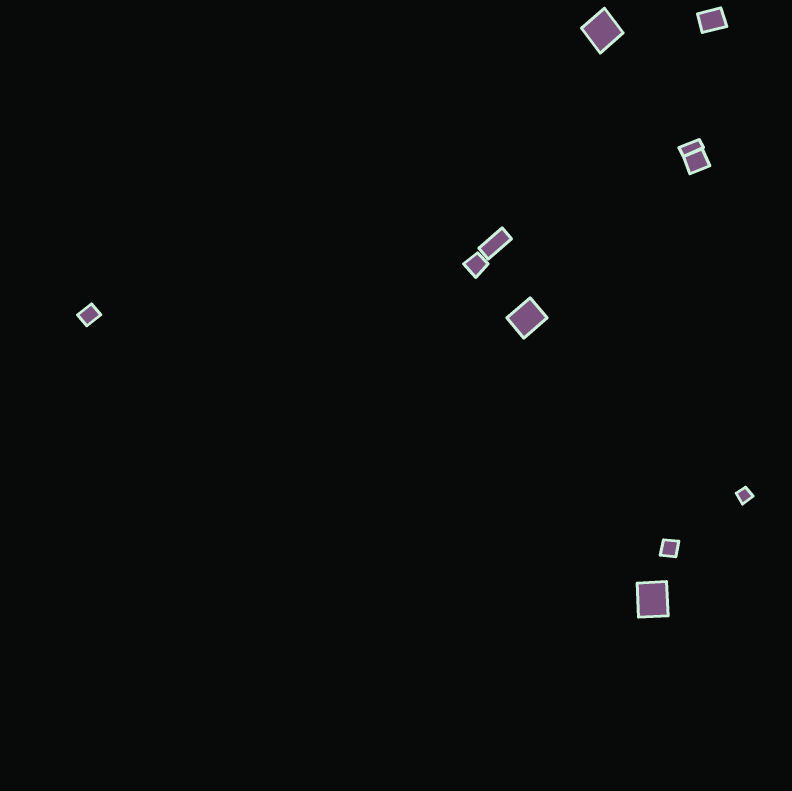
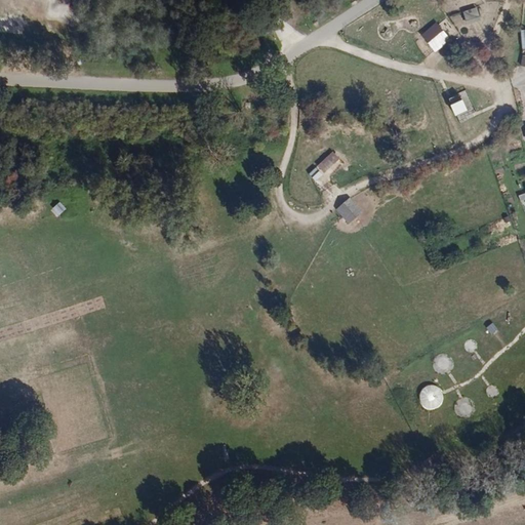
building: [581,8,623,53] -> [421,23,449,52]

